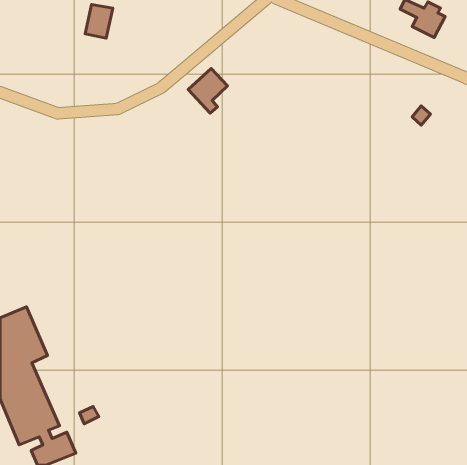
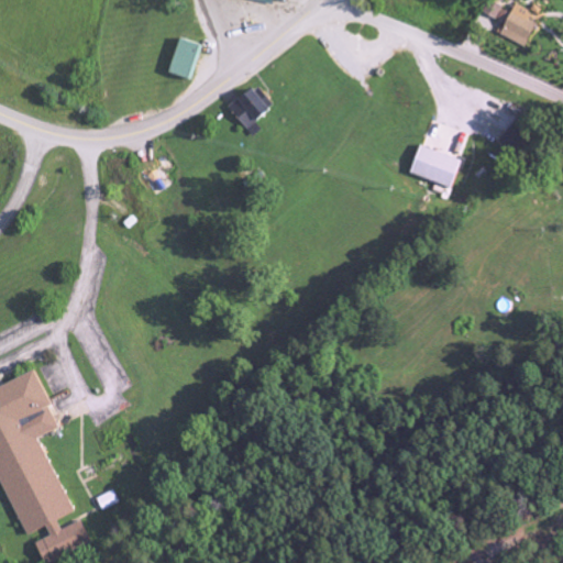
building: [85,5,113,38] -> [167,37,200,78]
building: none -> [408,145,457,186]

